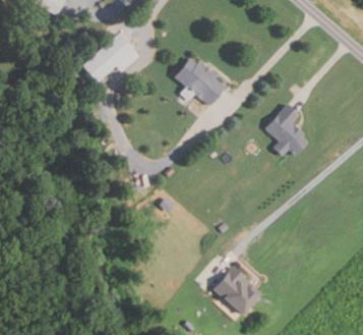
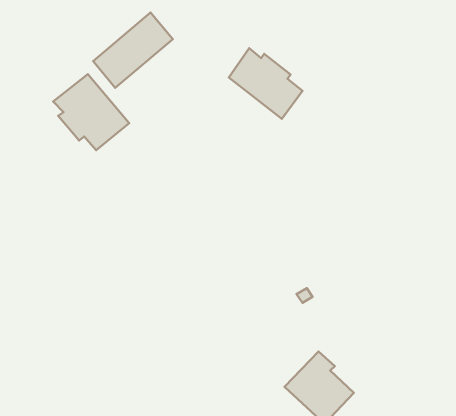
building: none -> [53,74,129,150]
building: [264,106,305,158] -> none

